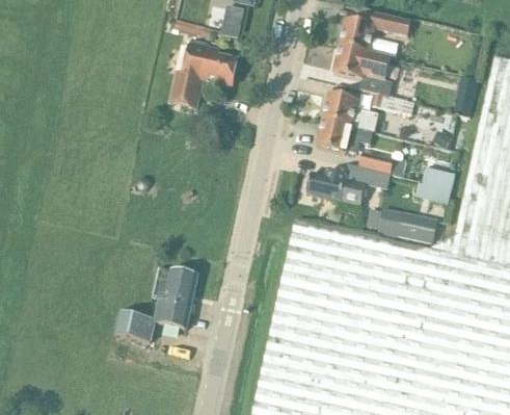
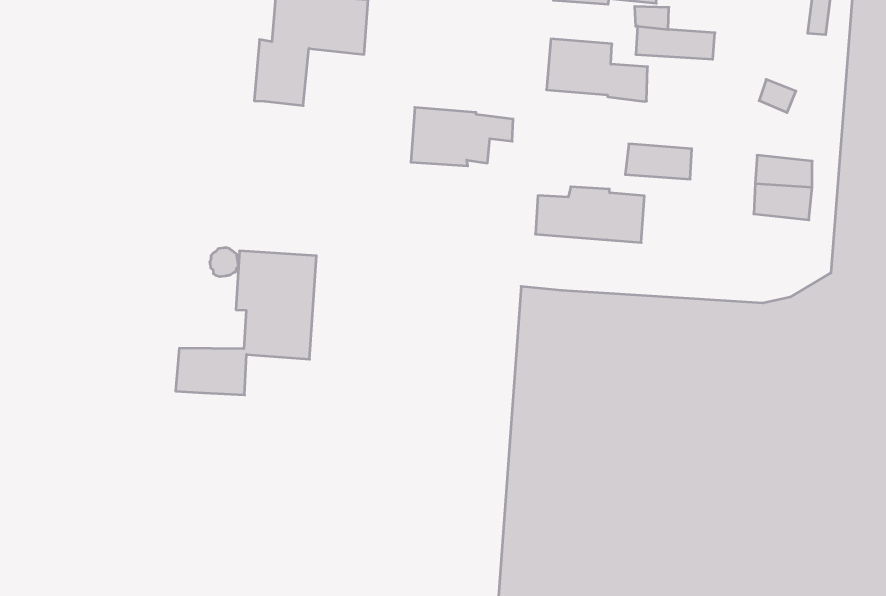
building: [316,119,372,153] -> [411,107,513,166]
building: [376,207,441,243] -> none
building: [114,267,197,342] -> [176,251,316,395]

